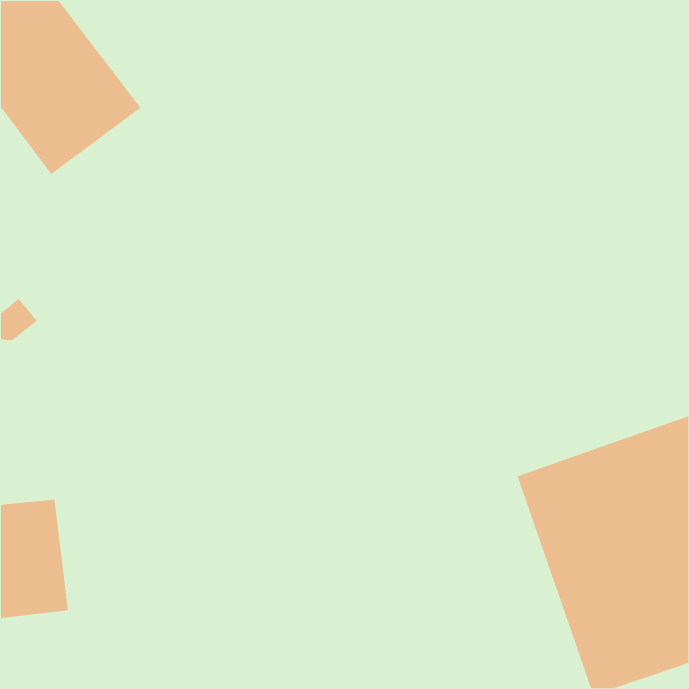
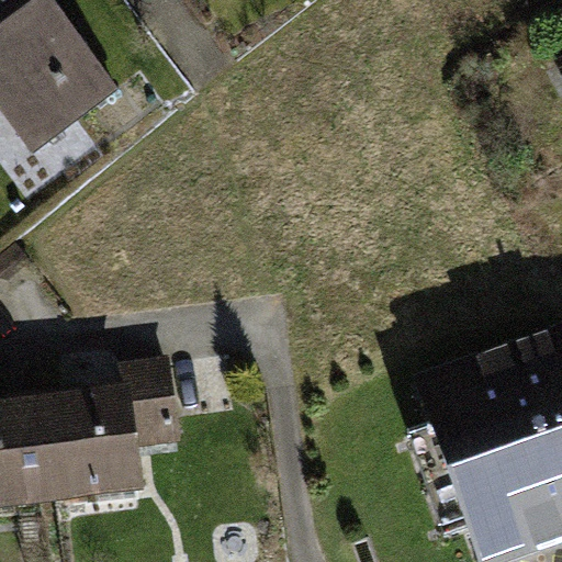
building: none -> [45,362,175,497]

